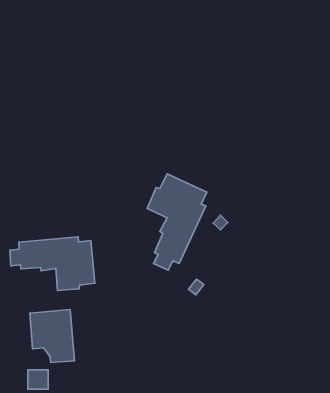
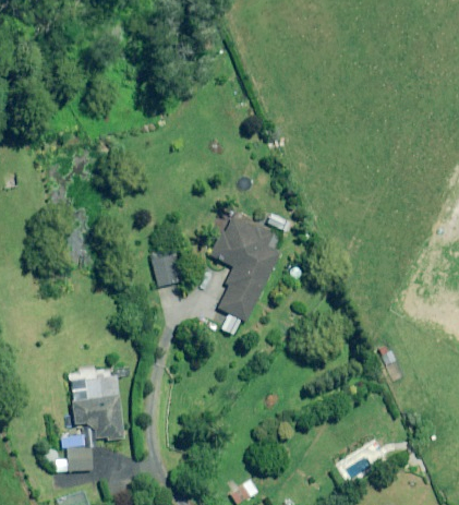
building: none -> [152,253,181,287]
building: [10,237,95,290] -> none

